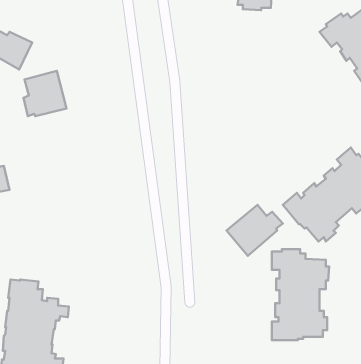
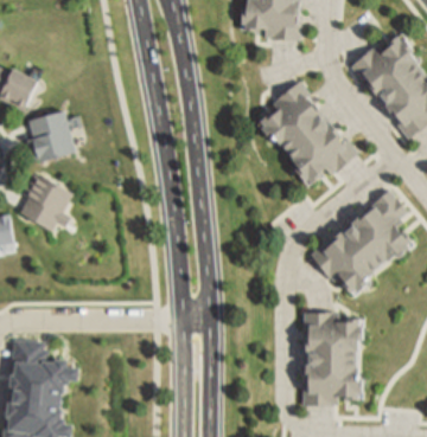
building: none -> [263,81,361,189]
building: none -> [18,172,70,229]
building: [227,205,283,256] -> none

